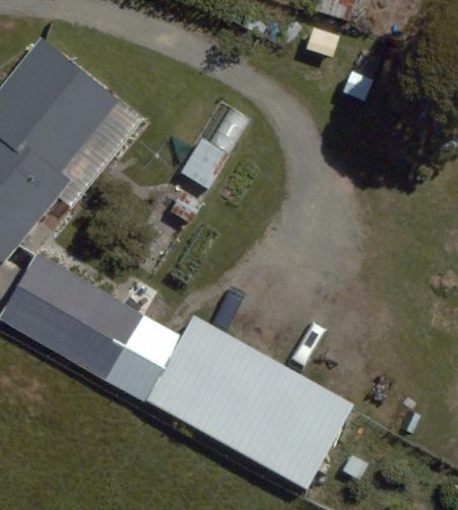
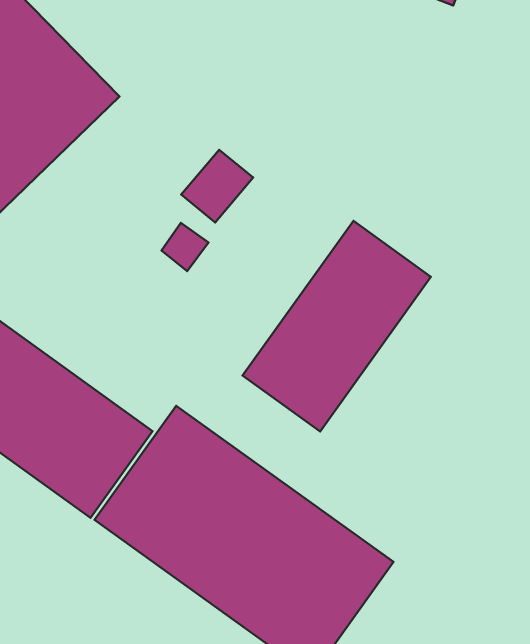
building: none -> [243,221,431,431]

